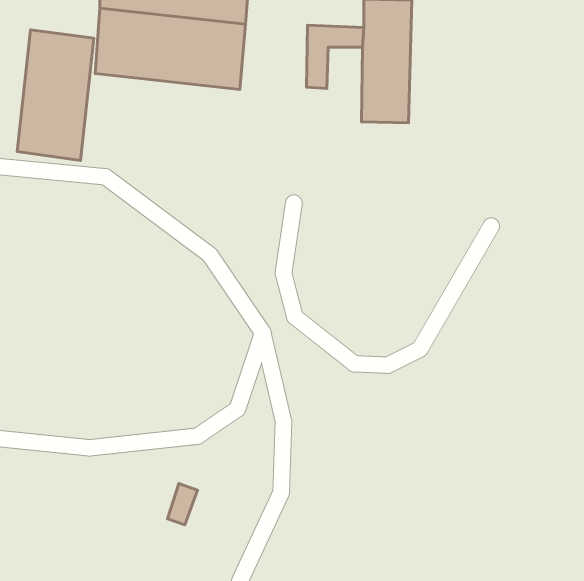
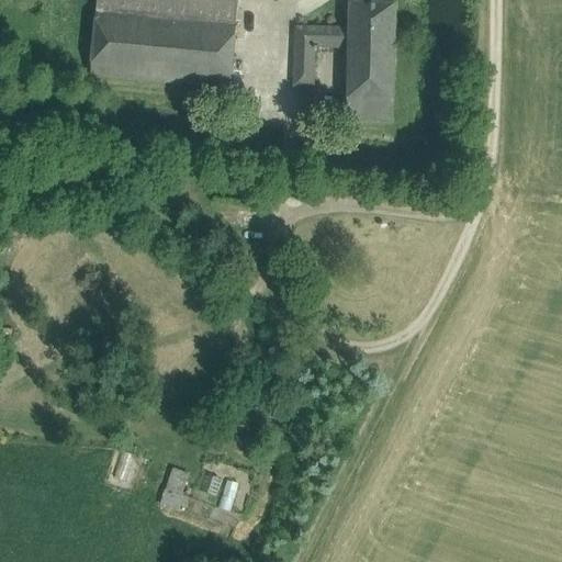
building: [17,30,94,161] -> none

